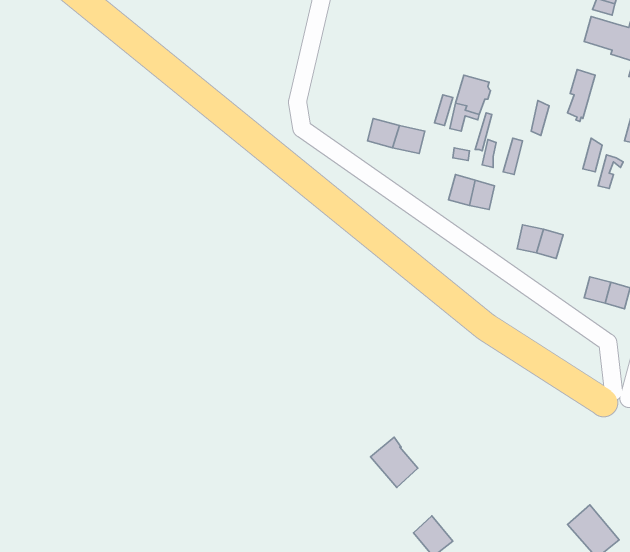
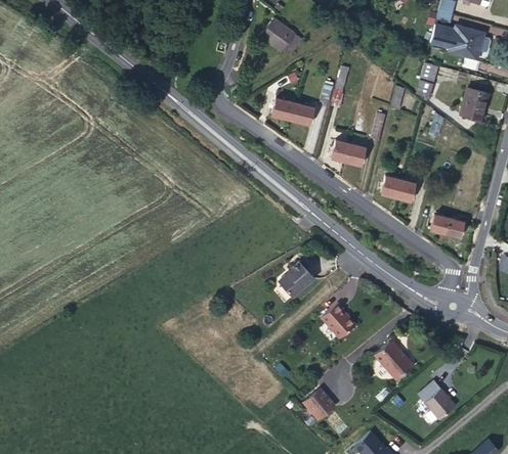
building: none -> [261,17,302,54]
building: none -> [280,262,314,297]
building: [370,437,418,488] -> [321,302,355,338]
building: none -> [375,343,414,379]

